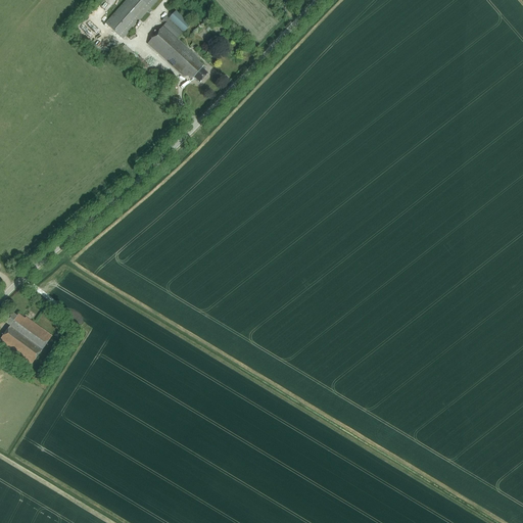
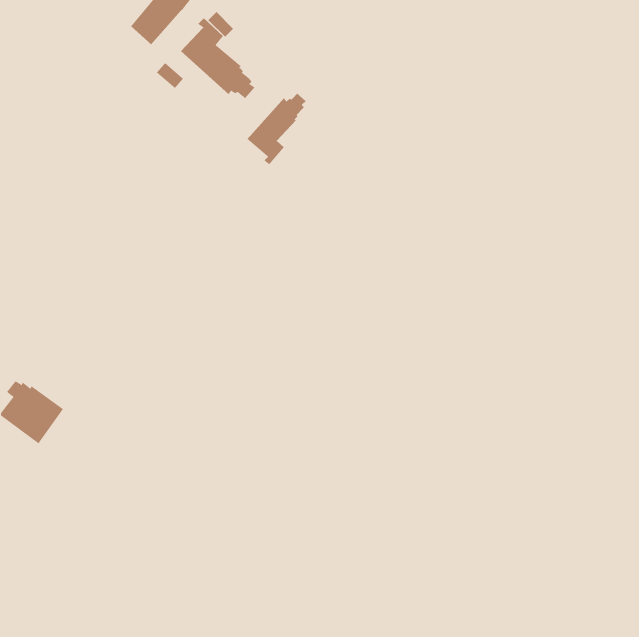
building: none -> [247,93,306,165]

